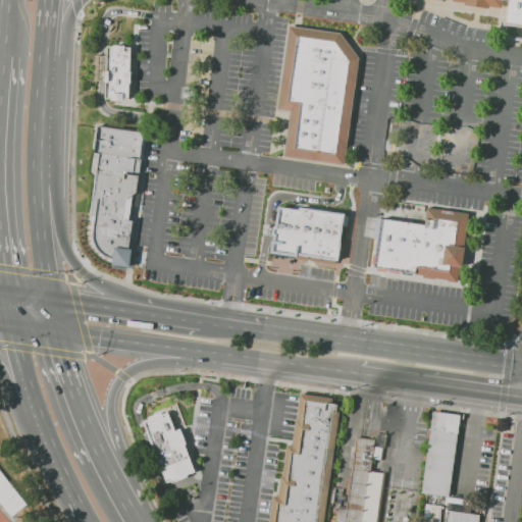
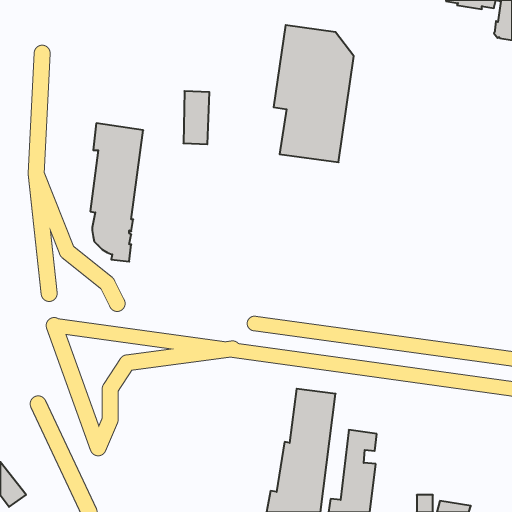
building: [105,45,132,99] -> [183,91,209,144]
building: [270,206,345,261] -> none
building: [375,207,470,282] -> none
building: [422,411,459,497] -> none
building: [146,413,197,483] -> none

